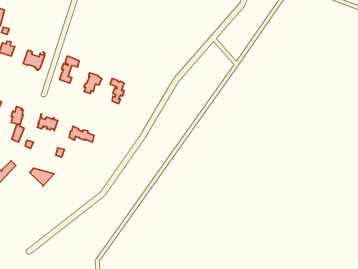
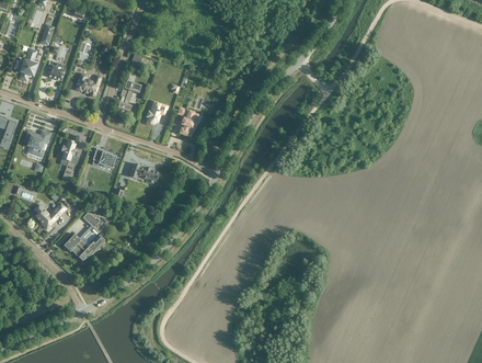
building: none -> [61,232,102,258]

